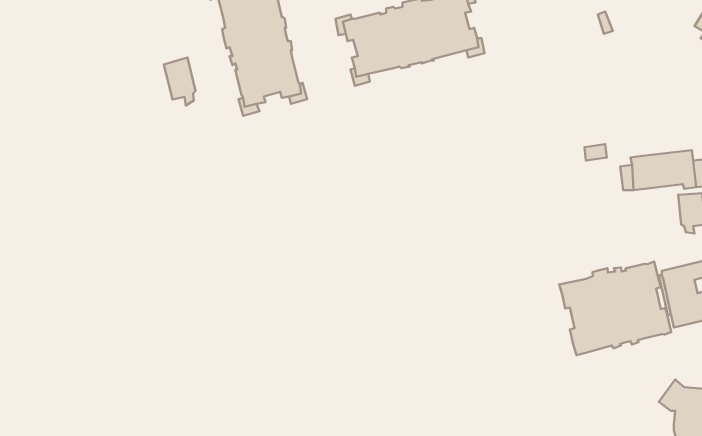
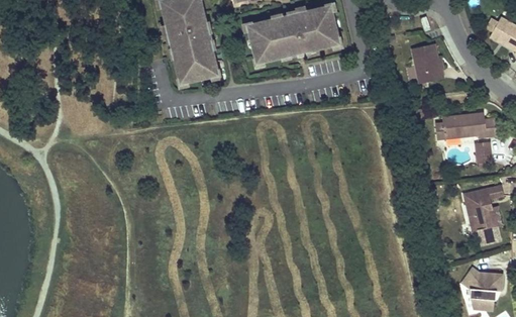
building: none -> [411,43,444,84]
building: [164,58,196,105] -> none
building: [559,262,671,355] -> none

